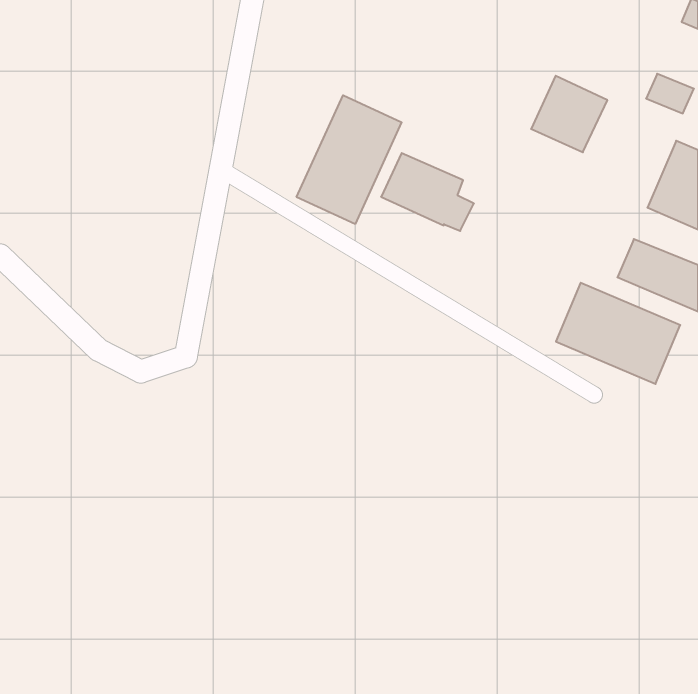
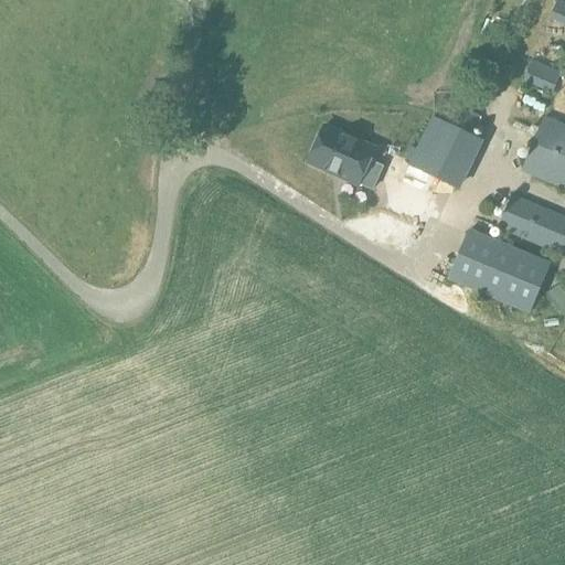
building: [531,76,607,152] -> [414,124,476,185]
building: [297,95,402,224] -> none

